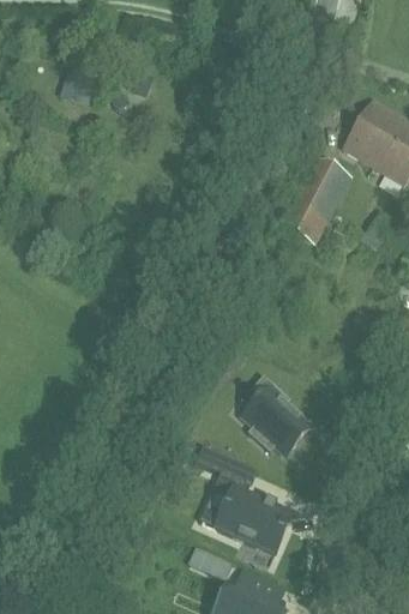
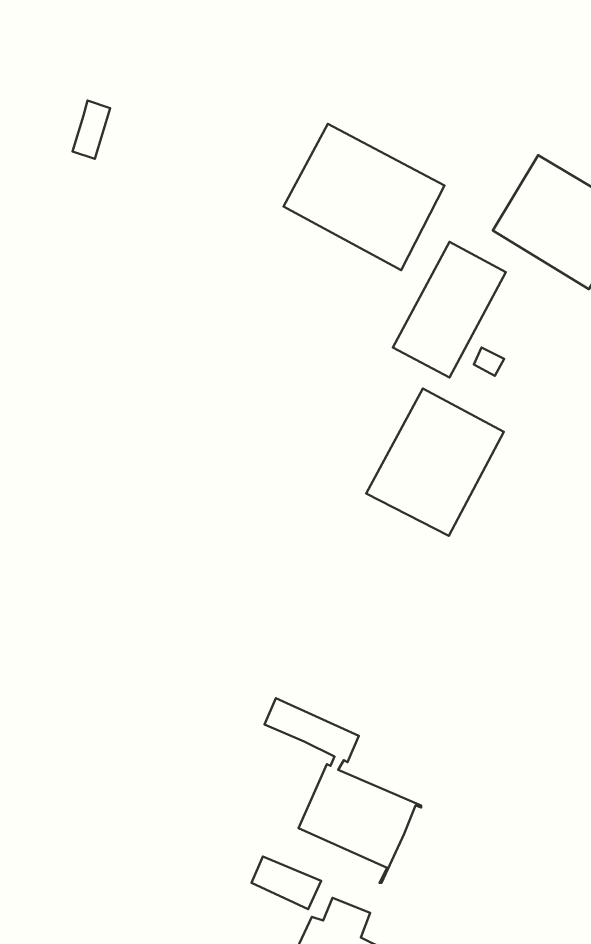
building: none -> [284,124,444,270]
building: none -> [366,389,504,536]
building: [243,384,306,456] -> none

